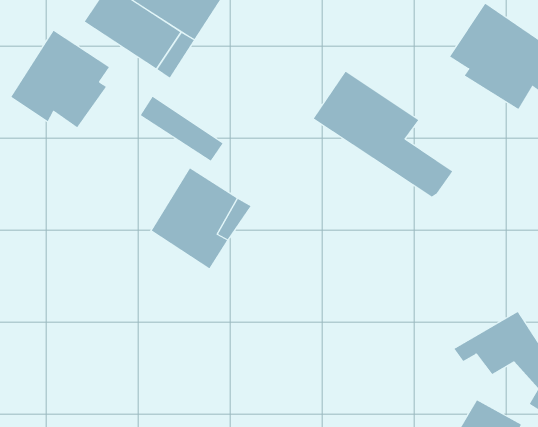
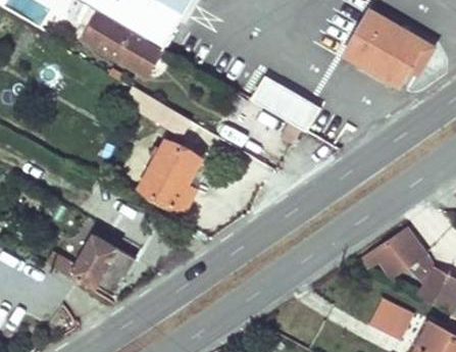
building: [11,30,110,128] -> none
building: none -> [44,236,135,297]

